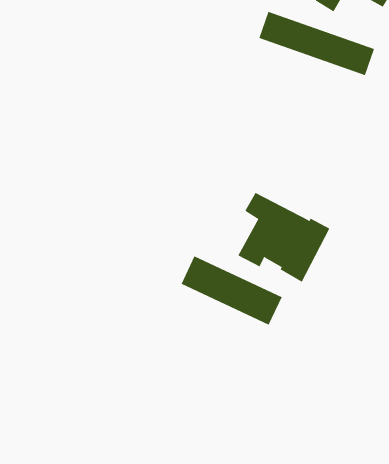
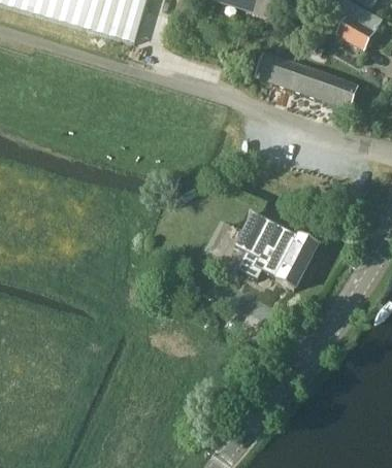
building: [181,256,282,326] -> none

